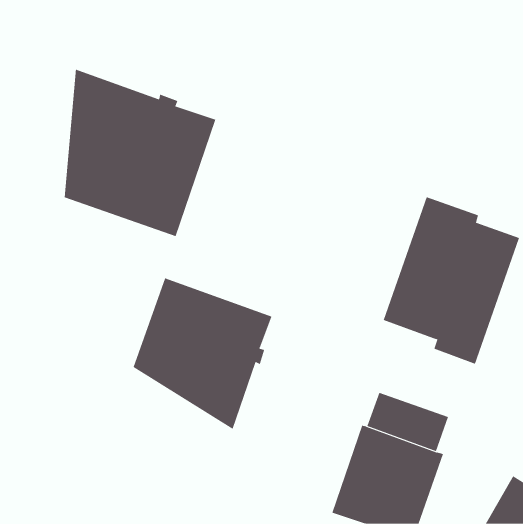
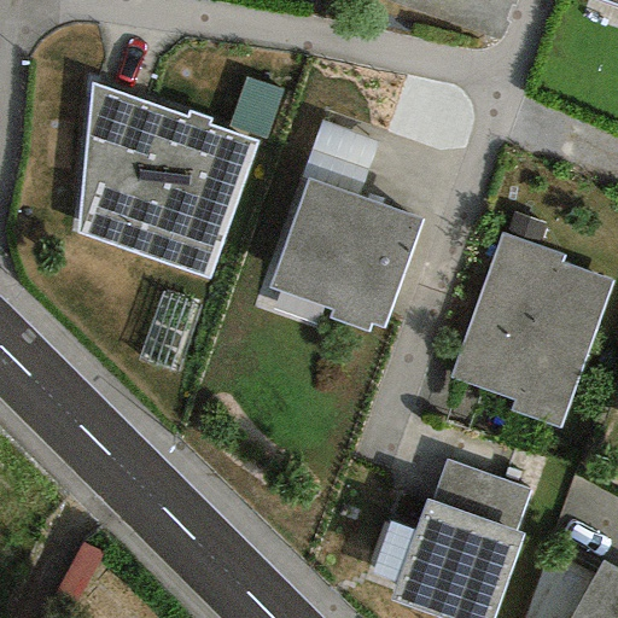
building: none -> [269,176,421,331]
building: [133,277,272,430] -> none

